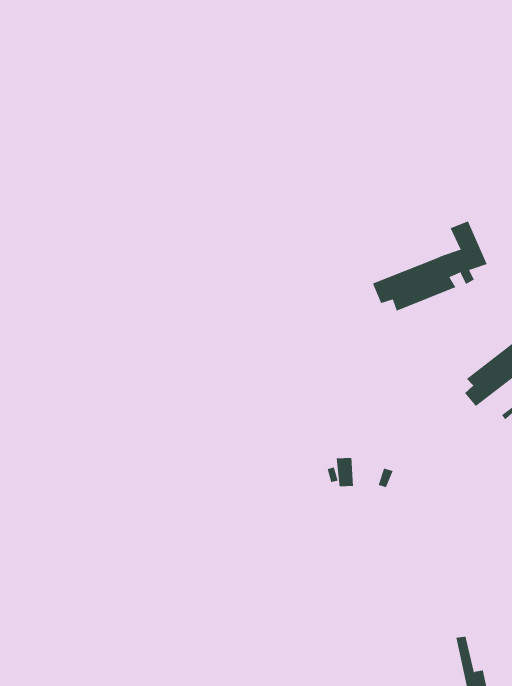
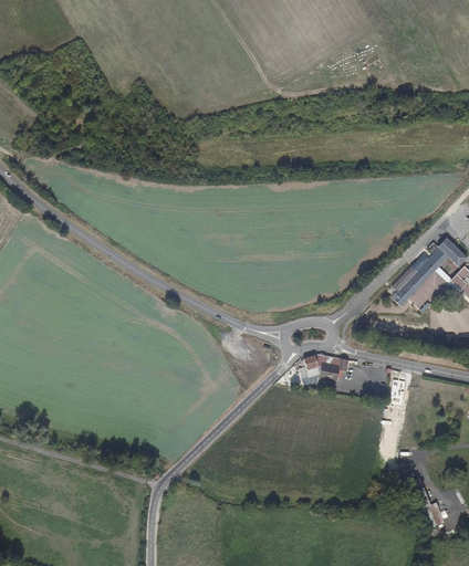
building: [372,220,488,311] -> none

